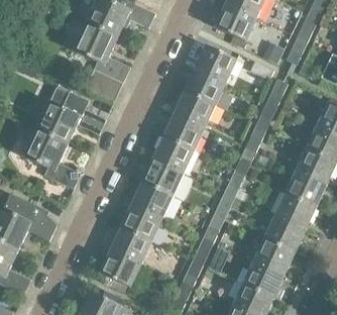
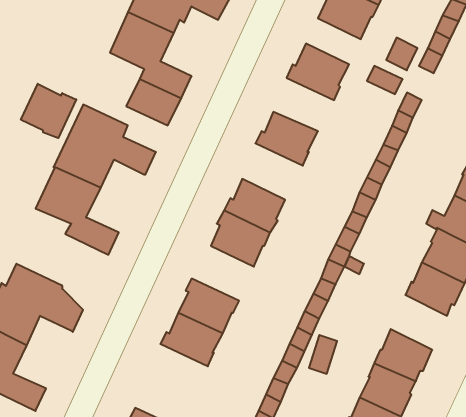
building: [186,68,227,104] -> none
building: none -> [21,84,76,138]
building: [164,112,206,150] -> none
building: [130,182,173,219] -> none
building: [265,215,304,252] -> none
building: [100,248,141,287] -> none

